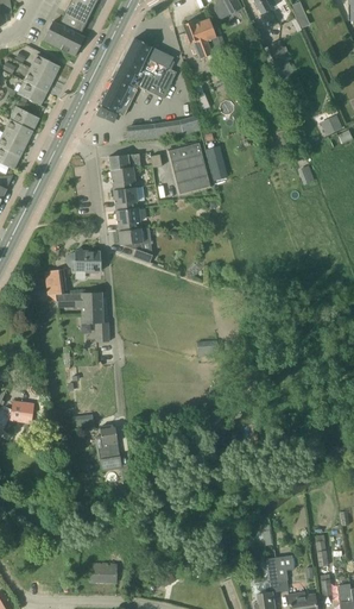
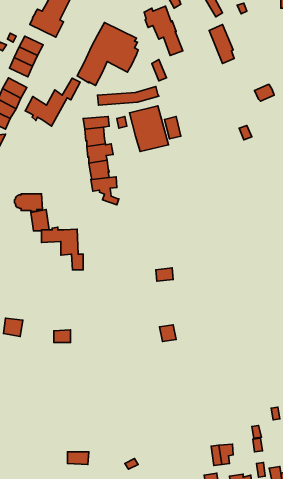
building: none -> [25,78,80,126]
building: [65,251,100,272] -> [14,194,43,211]
building: [97,425,131,476] -> none

